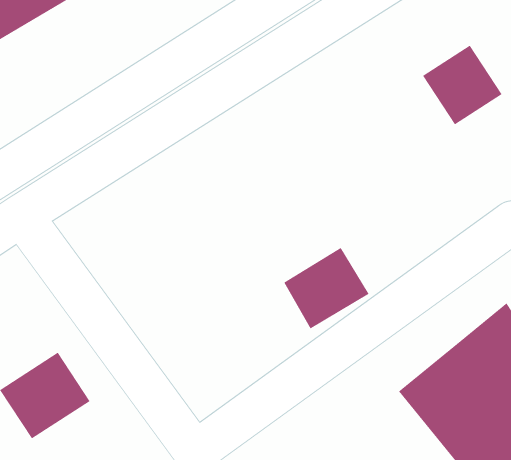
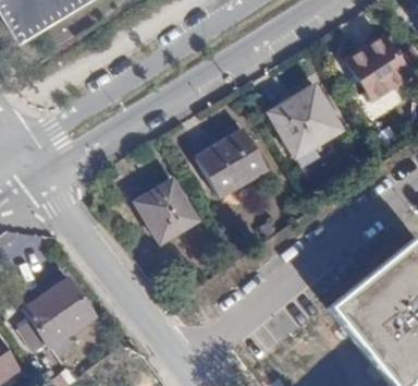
building: none -> [269,84,343,156]
building: none -> [134,178,195,240]
building: [283,247,370,329] -> [199,136,266,200]

